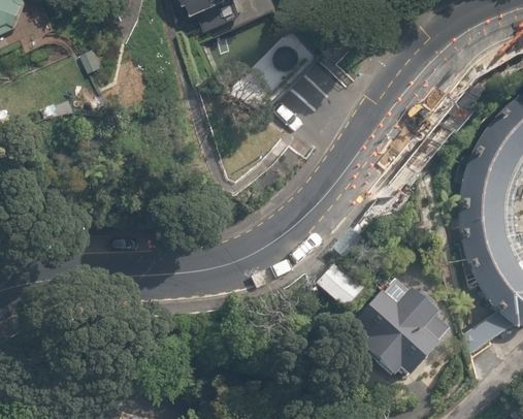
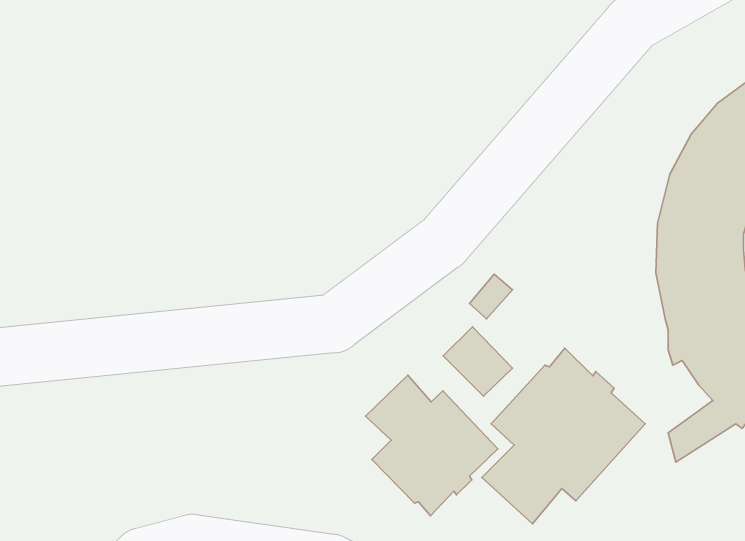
building: none -> [365,375,498,516]

